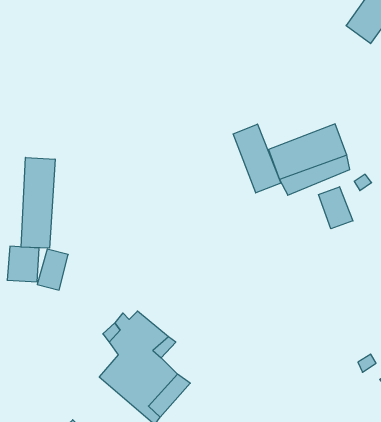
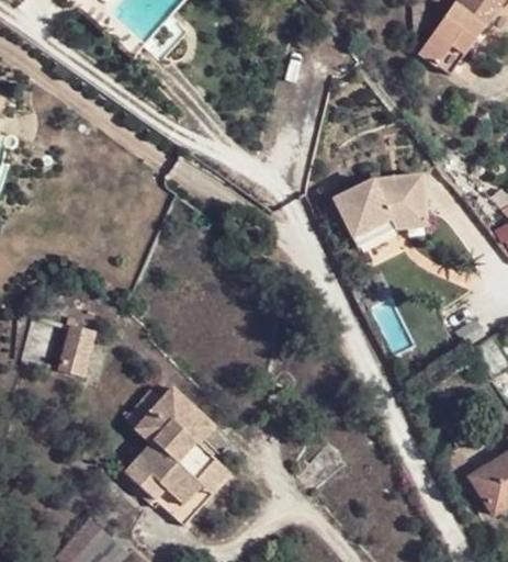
building: [233,124,281,193] -> none
building: [21,157,55,248] -> none
building: [318,187,353,229] -> none

